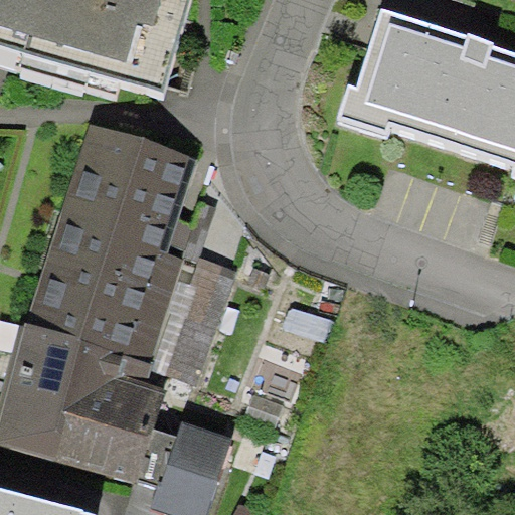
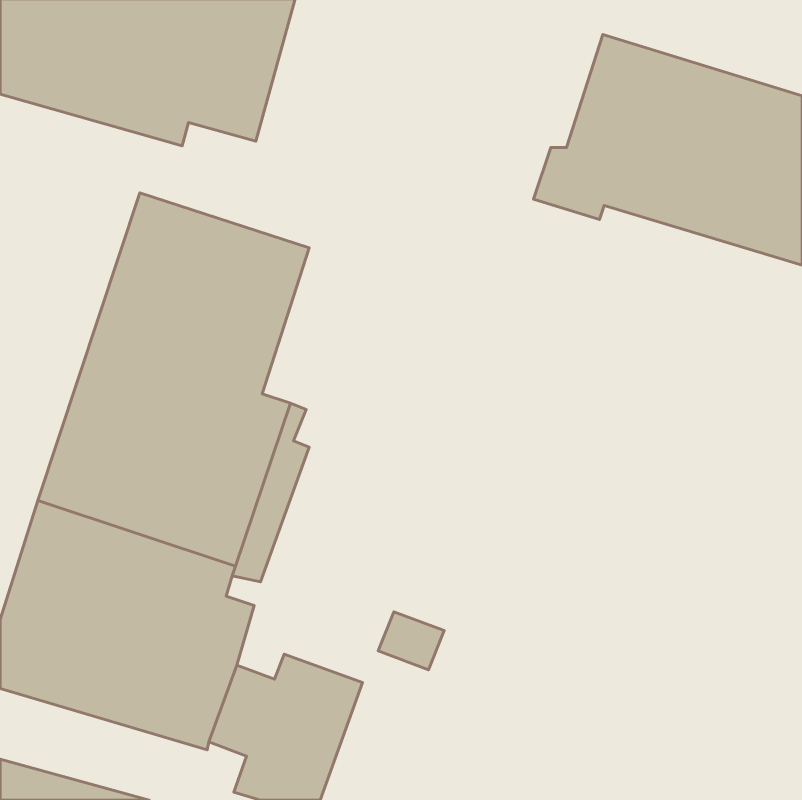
building: [167,254,236,383] -> none

